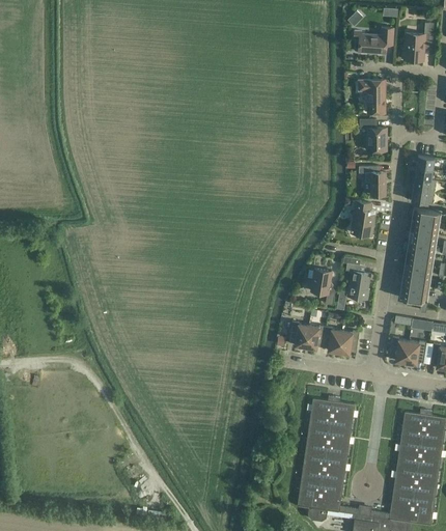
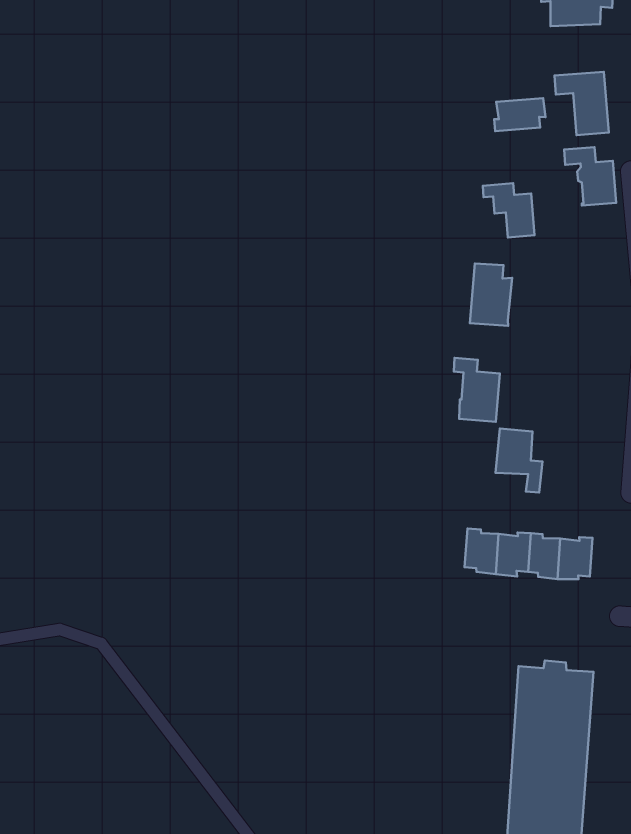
building: none -> [494,98,546,131]
building: [359,167,385,196] -> [483,183,534,237]
building: [351,201,375,236] -> [470,263,512,326]
building: [345,263,370,300] -> [454,358,500,422]

